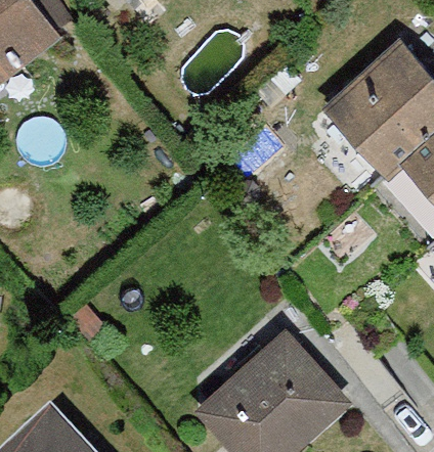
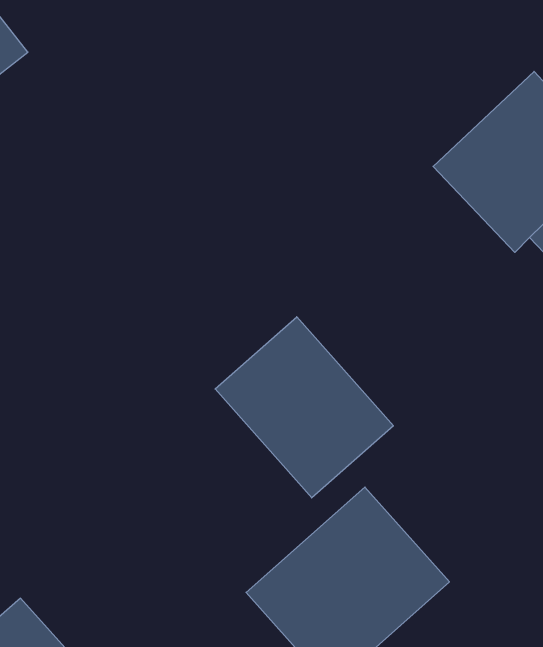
building: none -> [215,317,393,498]

